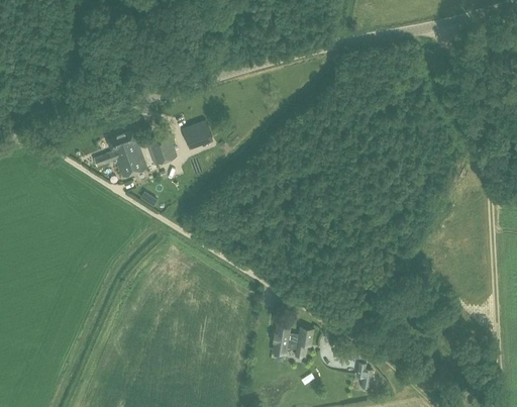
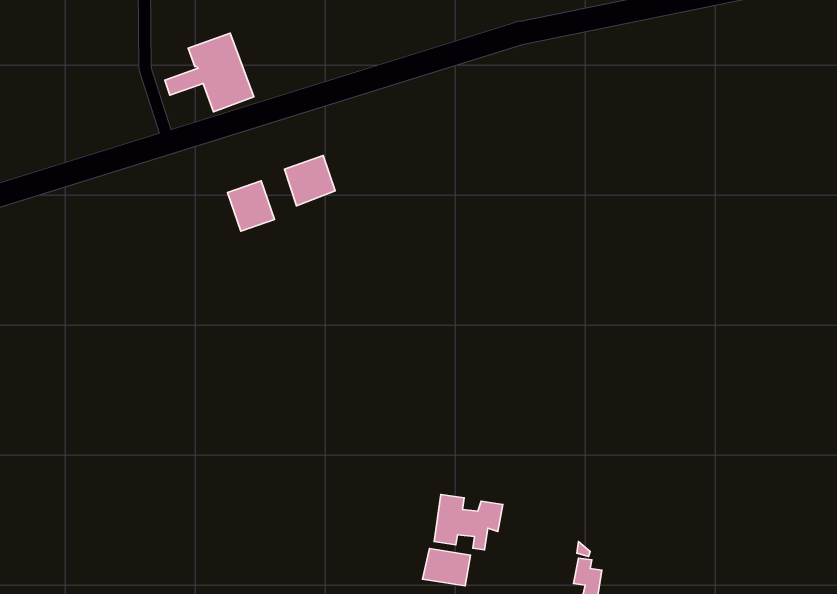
building: [93,130,146,178] -> [165,33,254,112]
building: none -> [423,548,471,586]

